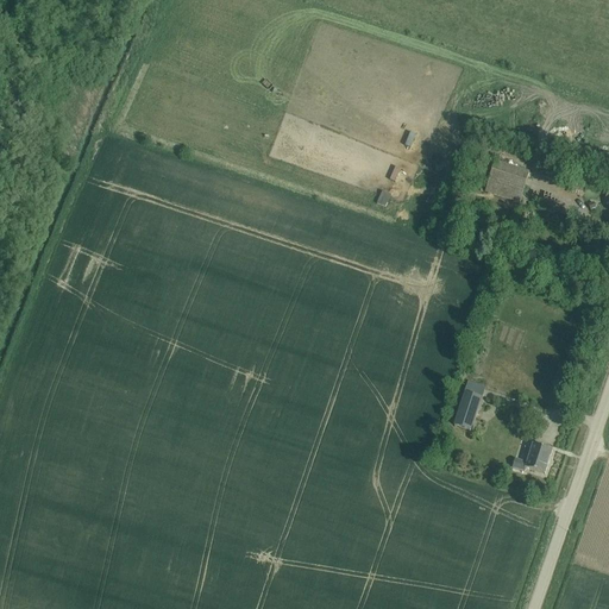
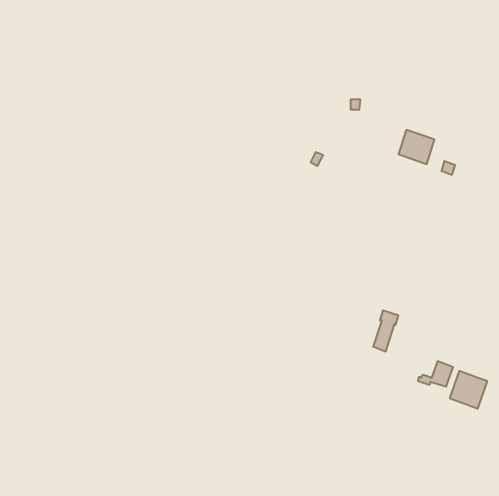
building: none -> [450,371,487,409]

